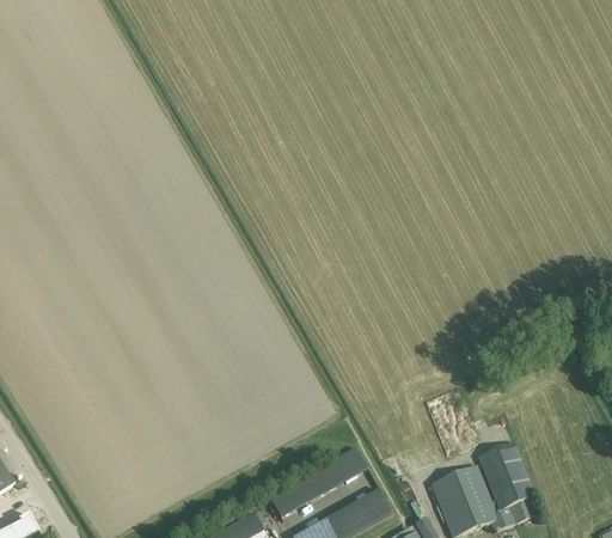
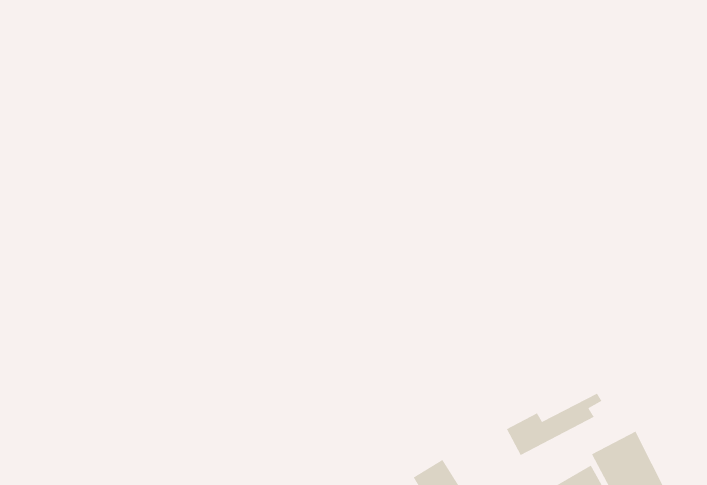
building: none -> [506,393,602,456]

